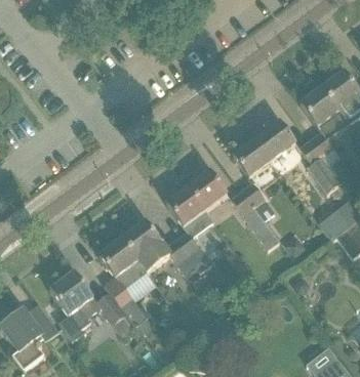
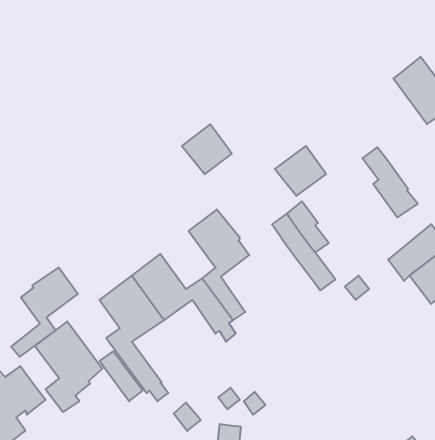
building: [298,86,347,155] -> none
building: [254,120,293,169] -> none
building: [187,169,225,207] -> [182,124,232,174]
building: none -> [11,268,78,357]

